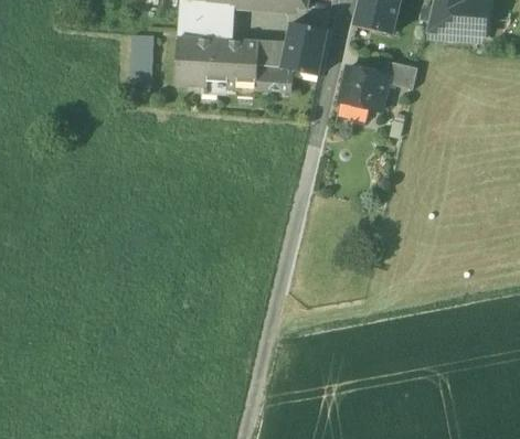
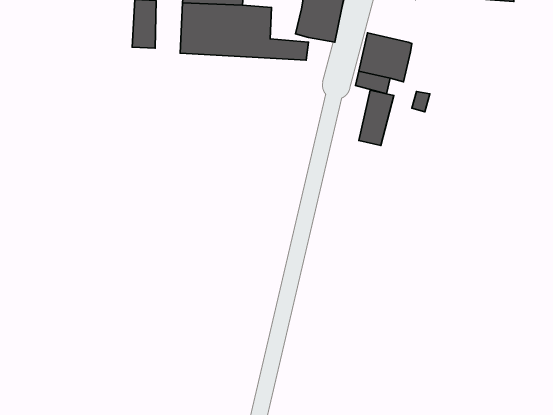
building: [257,42,293,74] -> none
building: [384,60,417,88] -> none
building: none -> [359,90,394,145]

